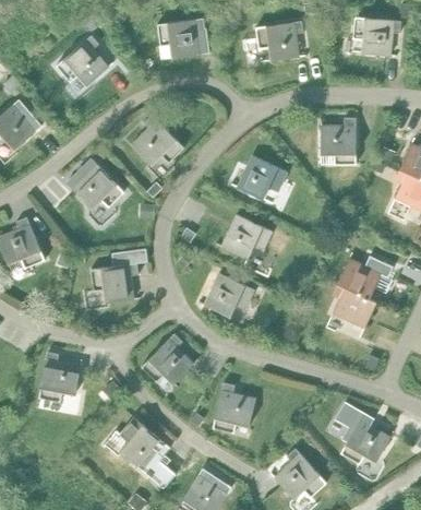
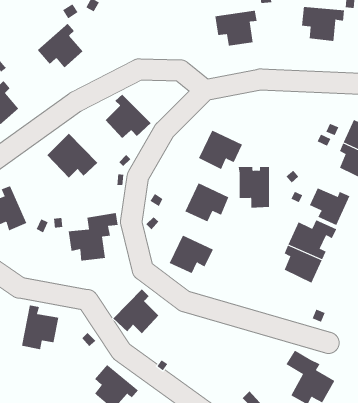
building: [157,19,209,58] -> none
building: [320,118,356,165] -> [238,166,270,208]
building: none -> [309,187,350,226]
building: [213,382,255,434] -> none

